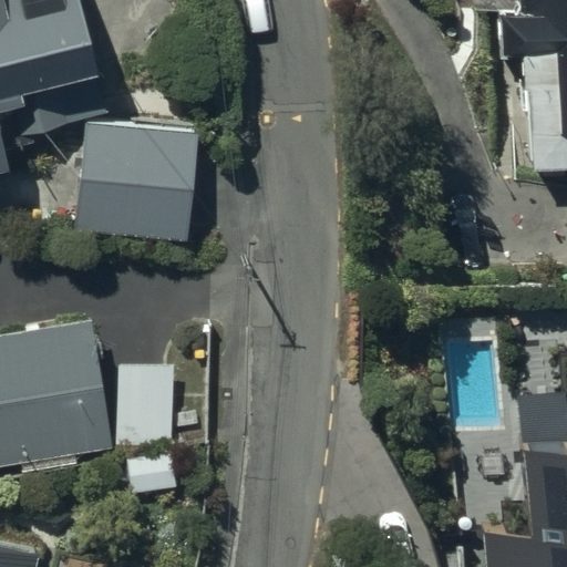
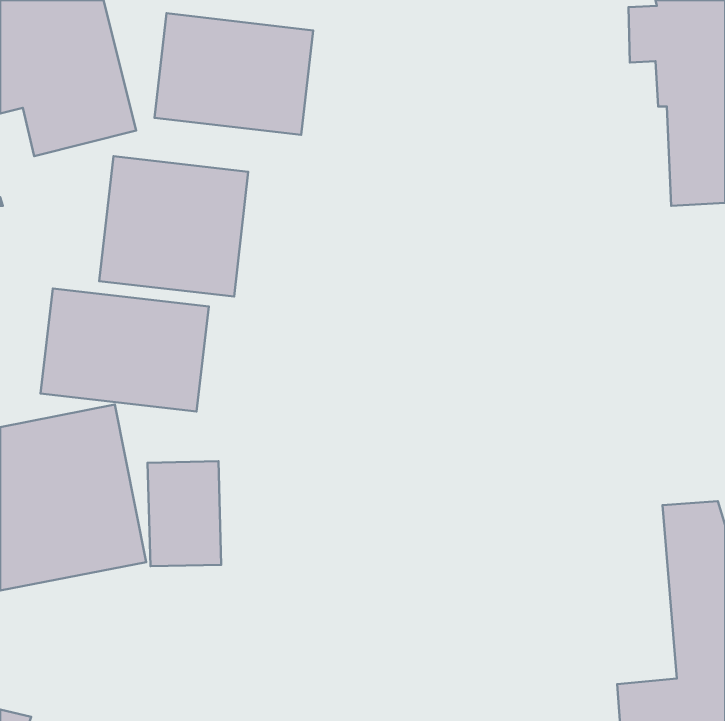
building: none -> [154,13,313,135]
building: none -> [41,288,209,412]

